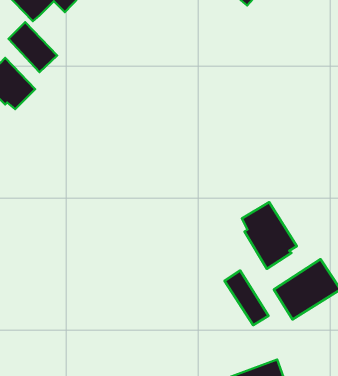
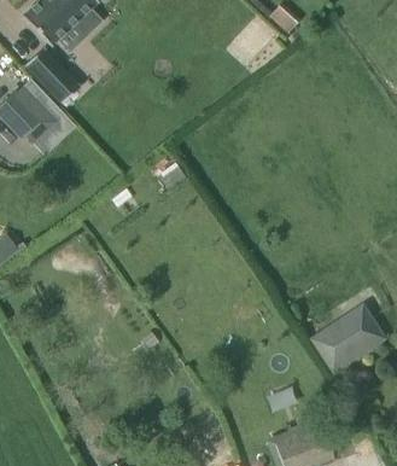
building: [242,202,297,269] -> none
building: [225,270,269,325] -> none

